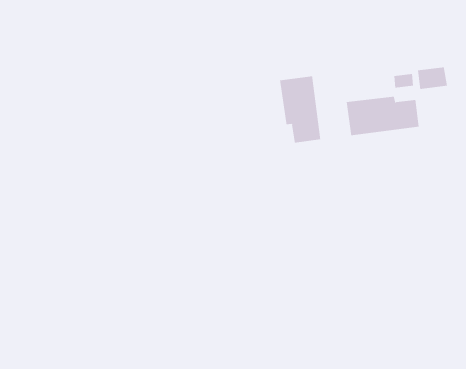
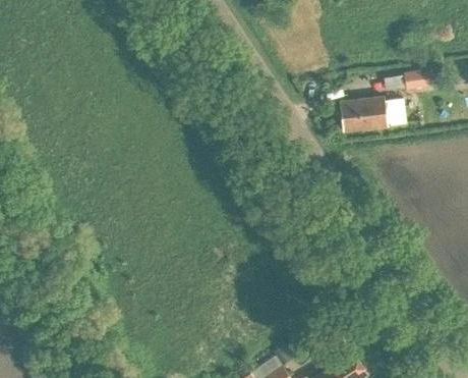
building: [279,75,321,144] -> none

